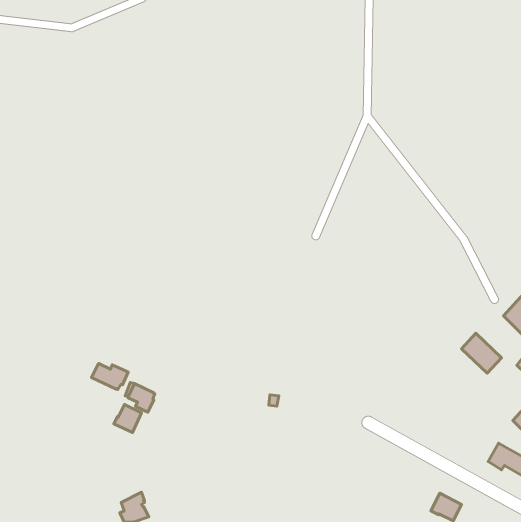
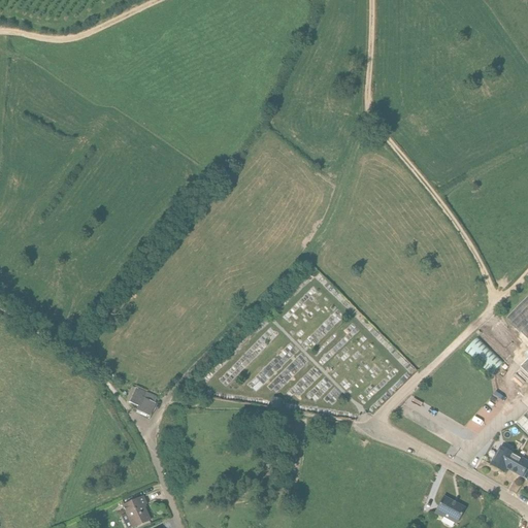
building: [92,363,128,389] -> none
building: [114,405,142,432] -> none

